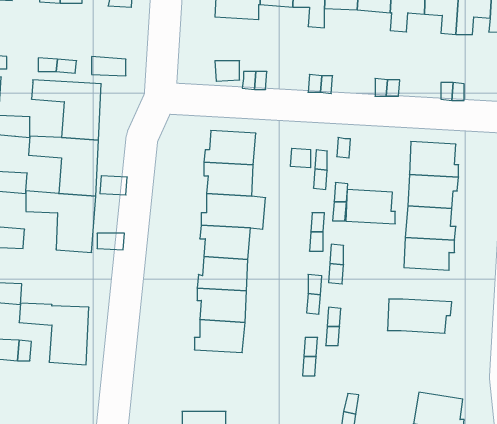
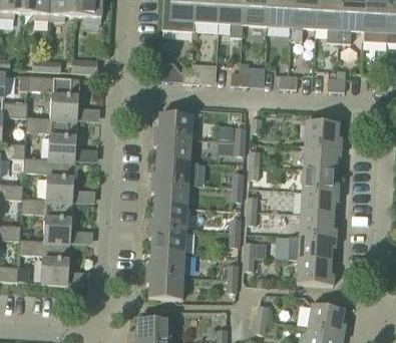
building: [346,190,395,224] -> [300,213,336,238]
building: none -> [21,198,72,242]
building: none -> [297,259,334,285]
building: none -> [146,273,182,299]

